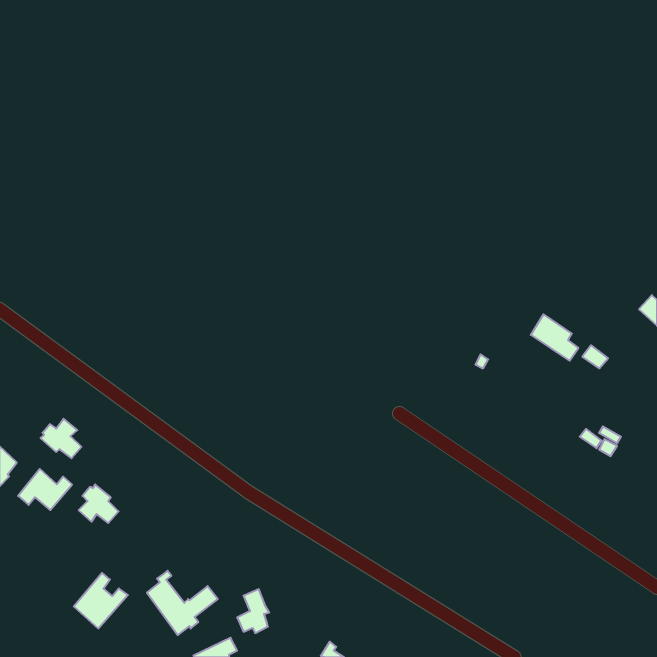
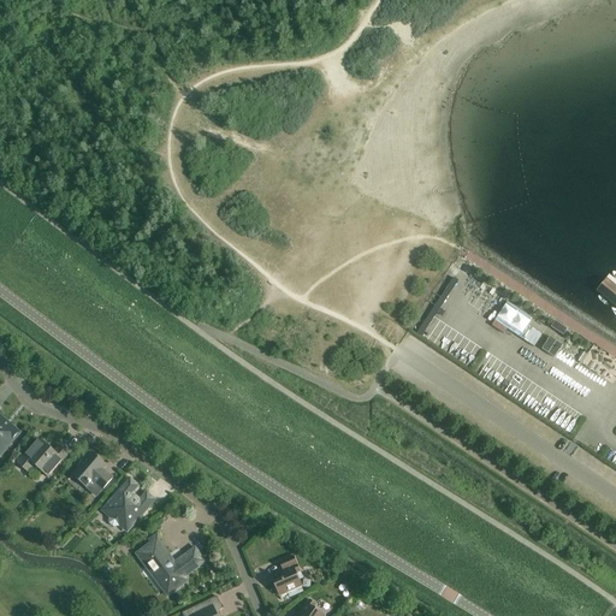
building: [41,419,81,458] -> none
building: [74,573,128,628] -> [102,479,153,531]
building: [237,589,269,633] -> [272,556,302,597]

